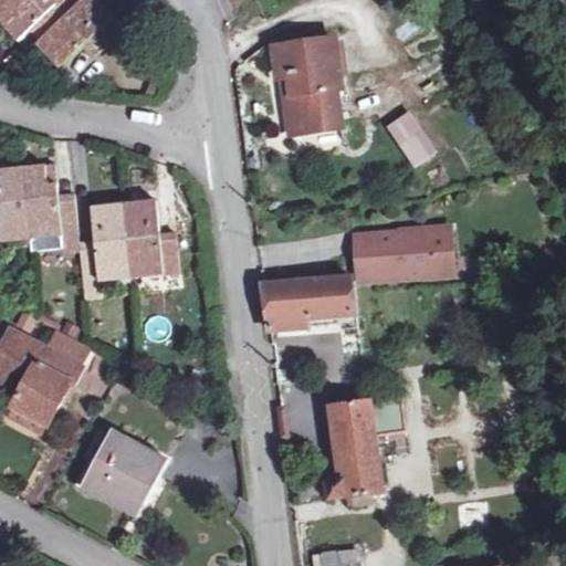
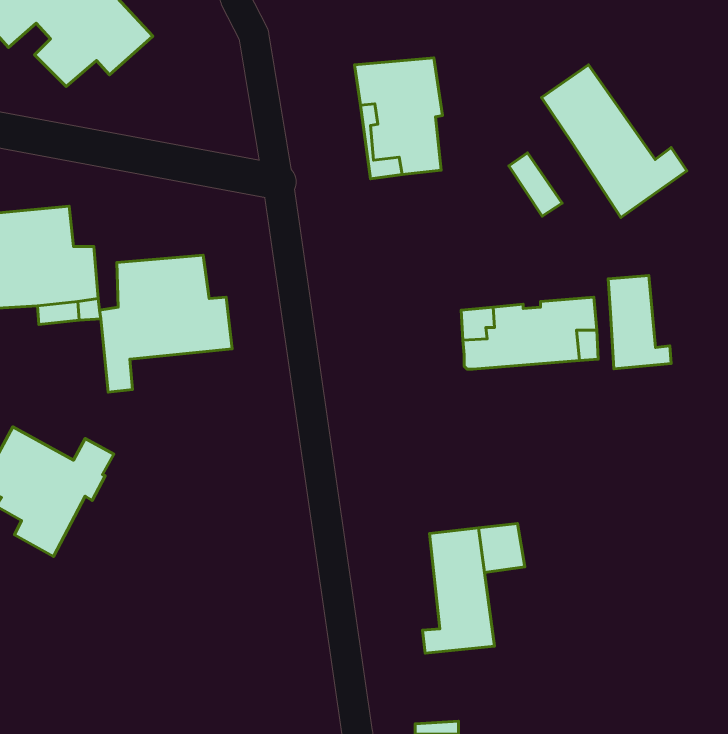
building: none -> [541,65,687,217]
building: none -> [608,275,671,369]
building: [259,281,356,325] -> none
building: [85,419,170,495] -> none

